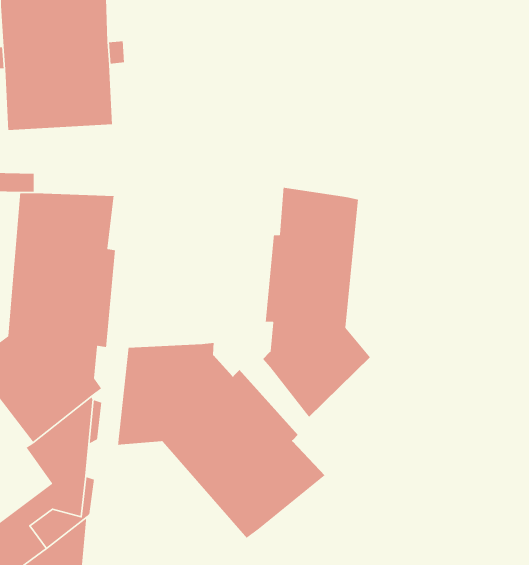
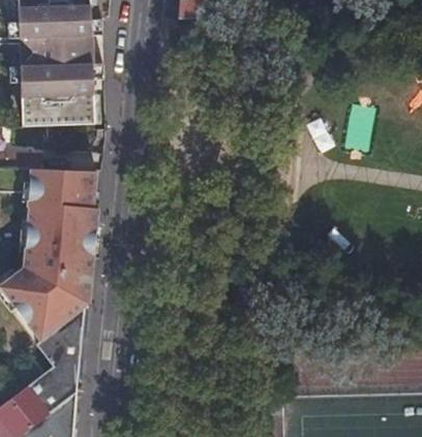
building: [262,187,371,418] -> none
building: [117,342,325,539] -> none

